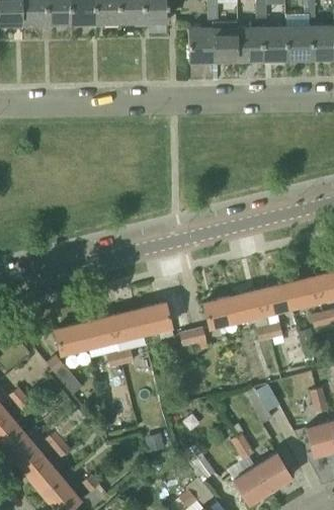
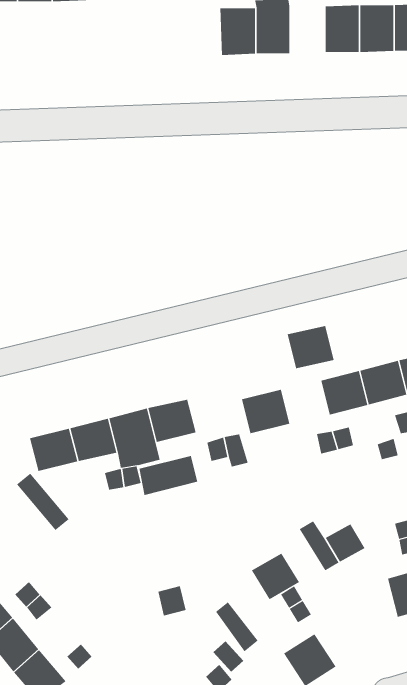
building: [238,28,262,62] -> none
building: [232,290,265,321] -> [287,326,335,369]
building: none -> [139,455,198,496]
building: none -> [251,553,300,600]
building: [255,453,291,491] -> none

